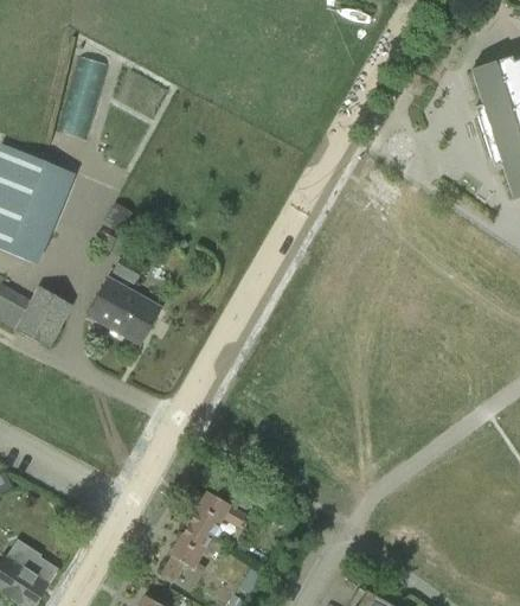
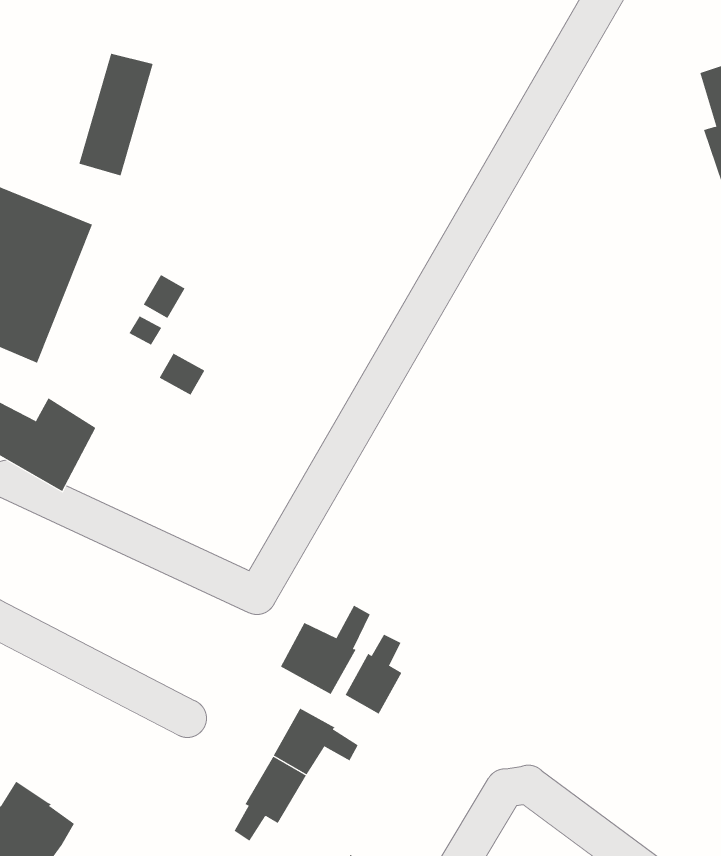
building: [86,278,160,344] -> none
building: none -> [280,605,371,695]
building: none -> [345,634,402,714]

